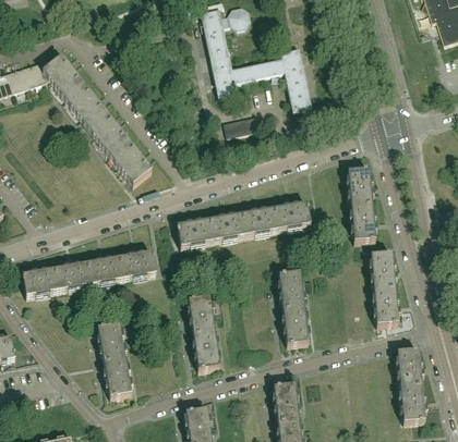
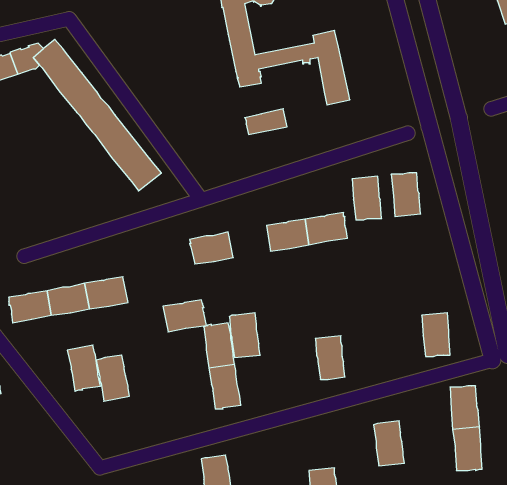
building: [350,202,375,240] -> [352,176,382,220]
building: [208,212,244,240] -> none
building: [119,250,156,278] -> [163,300,206,332]
building: [370,251,395,288] -> none
building: [278,270,304,308] -> [229,313,260,358]
building: [103,357,131,396] -> [67,345,101,391]
building: [273,382,299,420] -> [374,421,404,466]

